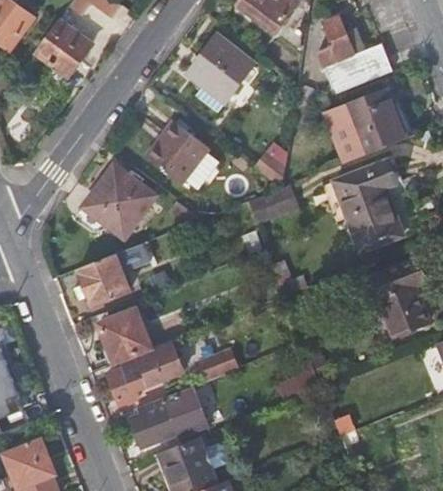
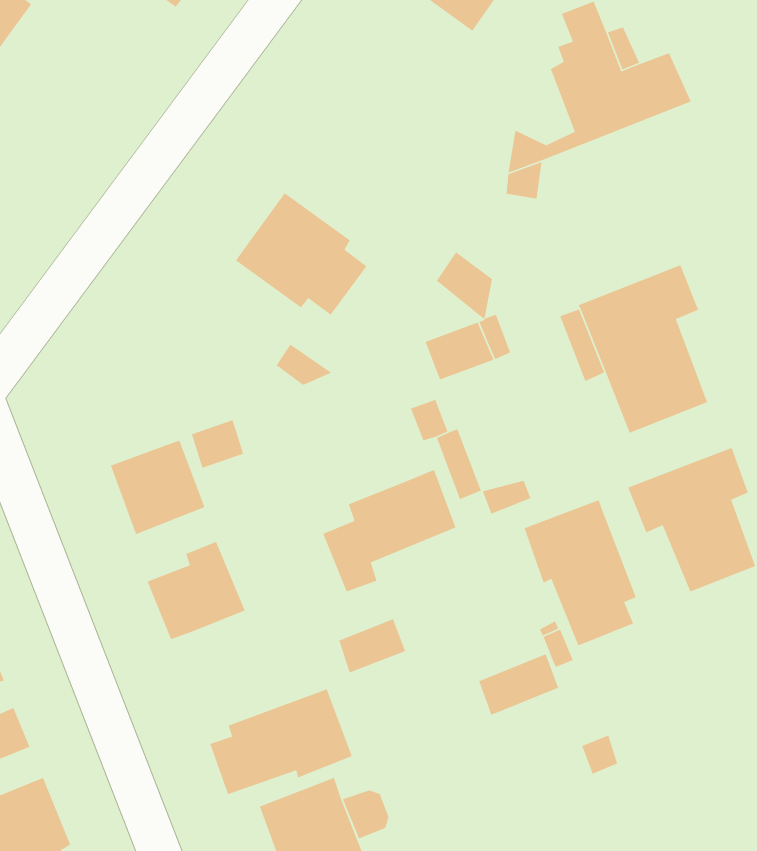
building: [34,20,92,77] -> none
building: [186,34,254,110] -> none
building: [322,88,408,163] -> none
building: [80,163,157,239] -> none
building: none -> [523,499,637,646]
building: [107,339,180,406] -> [322,469,457,592]

